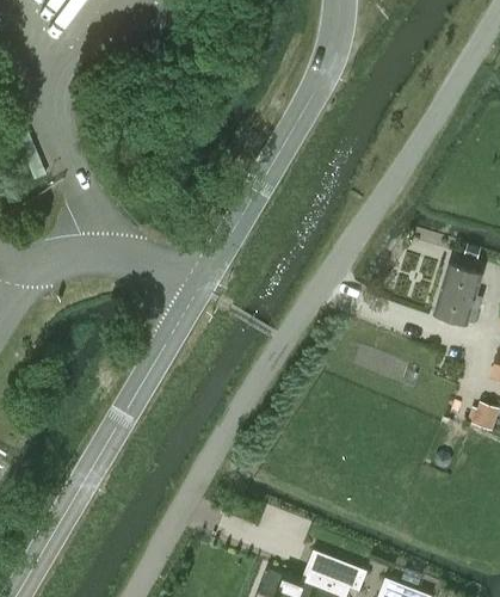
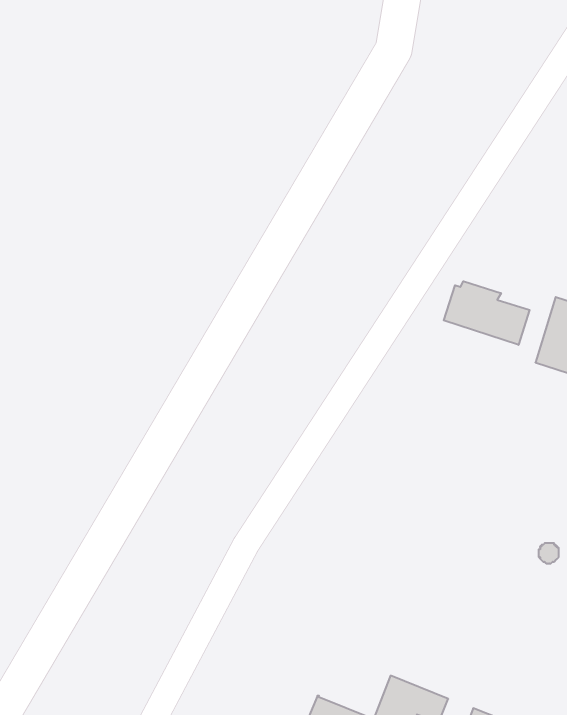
building: none -> [444,281,530,345]

